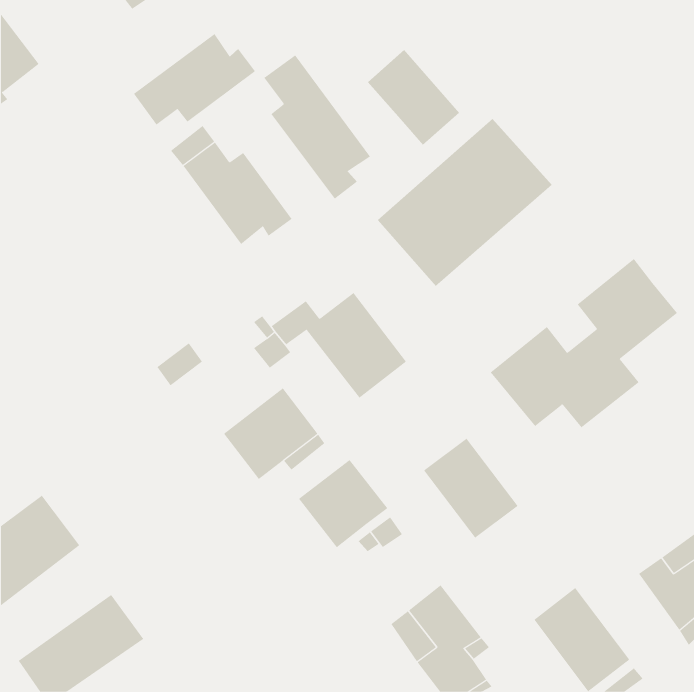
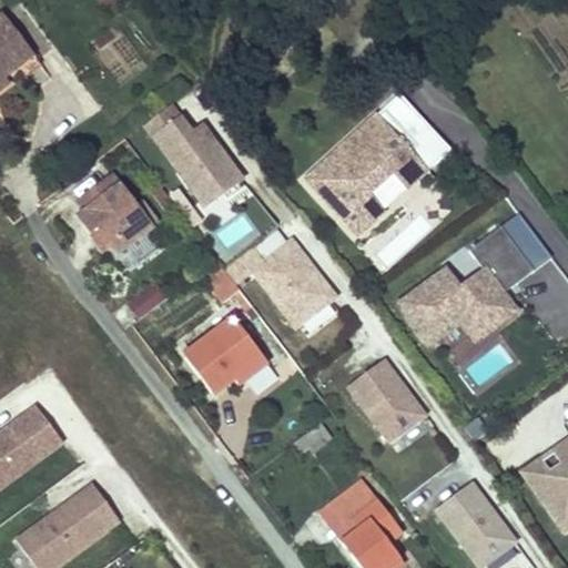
building: [133,33,256,125] -> none
building: [367,49,460,146] -> none
building: [263,54,371,200] -> none
building: none -> [78,174,150,252]
building: [298,459,388,548] -> none

